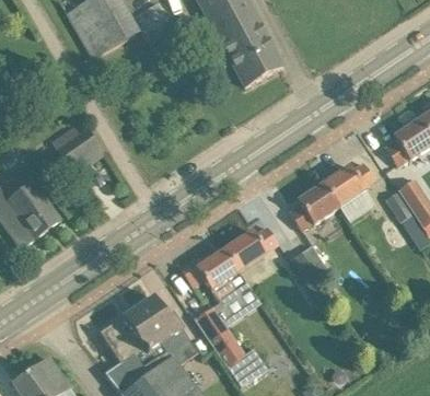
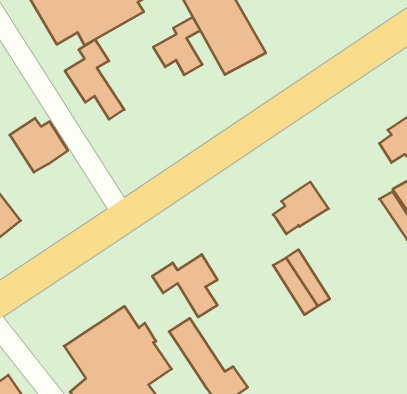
building: none -> [153,17,202,75]
building: none -> [65,40,124,119]
building: [323,162,375,207] -> none
building: [224,226,283,271] -> none

